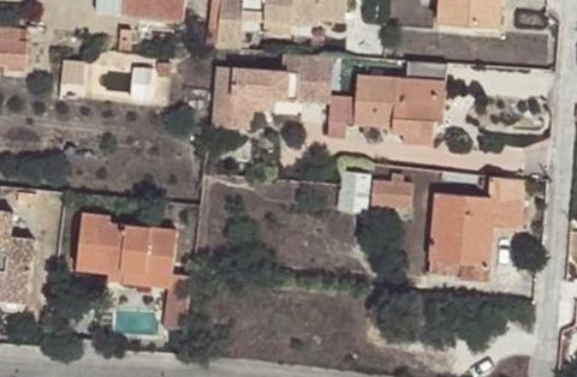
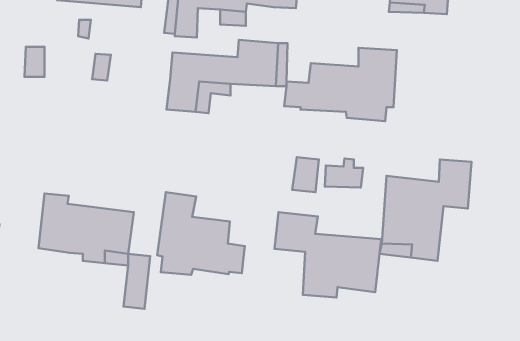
building: none -> [157,192,245,275]
building: none -> [275,212,381,297]

